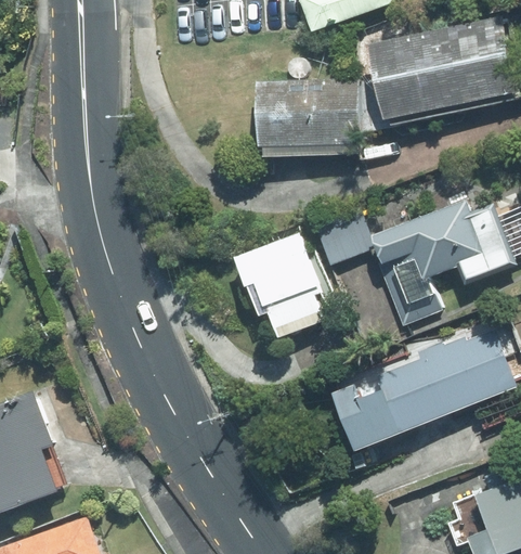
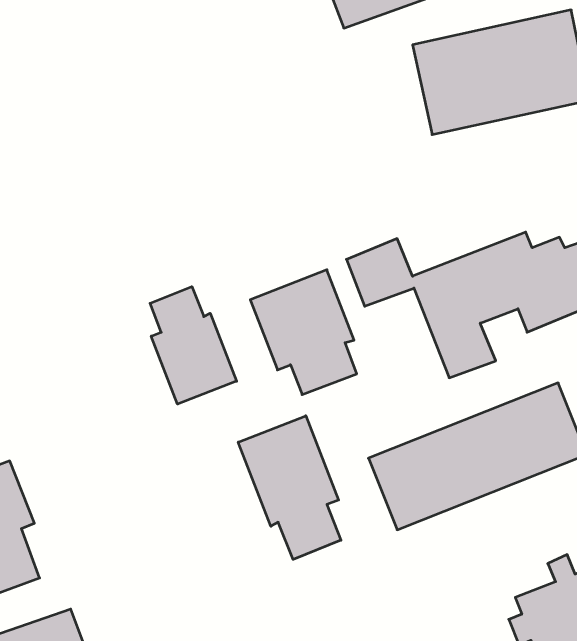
building: [258,80,360,149] -> none
building: none -> [150,287,237,404]
building: none -> [238,416,341,559]

